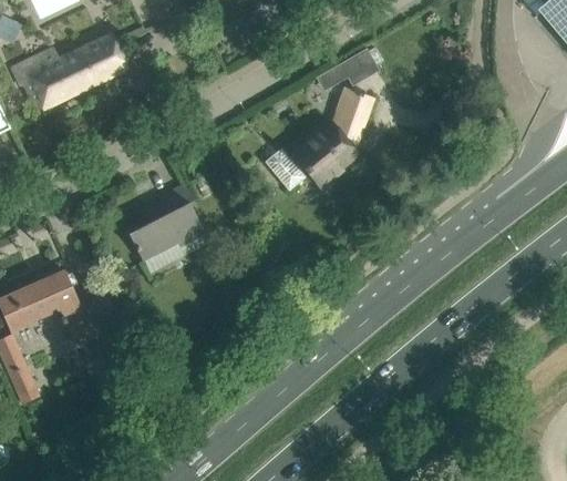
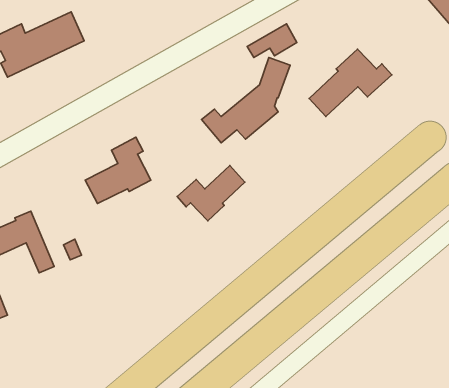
building: none -> [309,49,392,117]
building: none -> [177,166,245,221]

